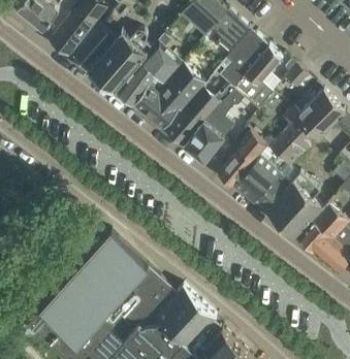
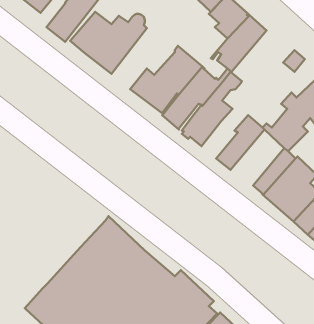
building: [118,33,178,106] -> none
building: [234,47,282,111] -> none
building: [233,146,287,203] -> none

